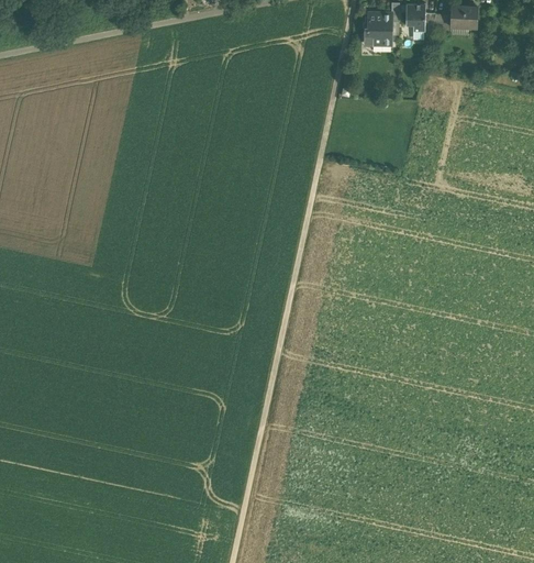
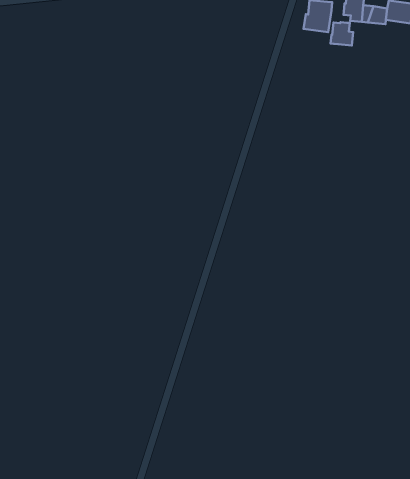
building: none -> [331,22,353,46]

